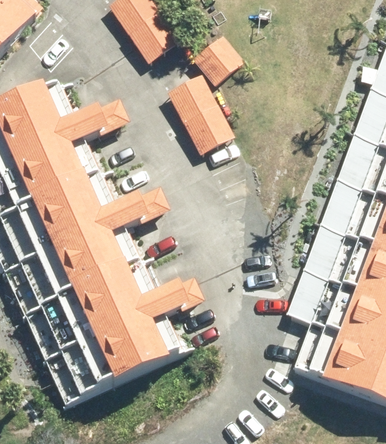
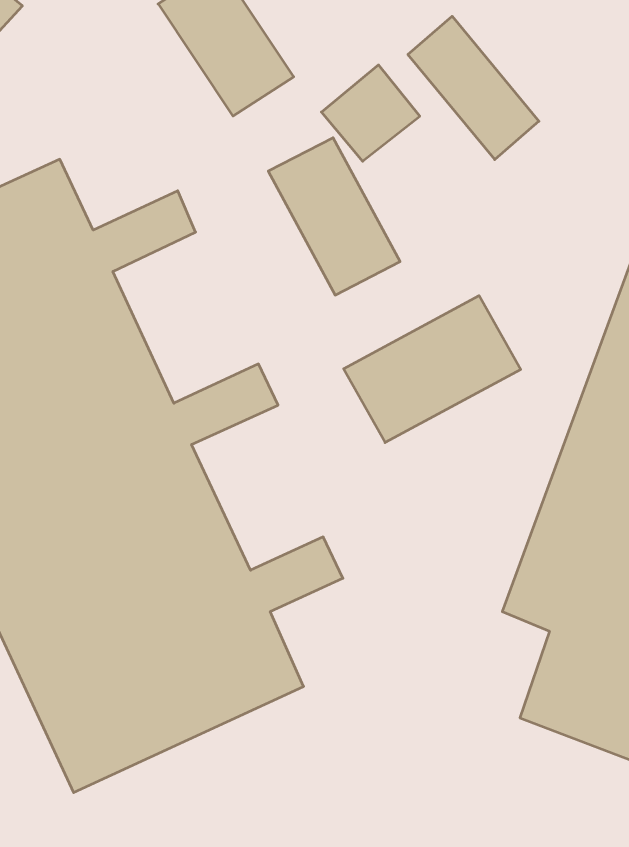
building: none -> [408,16,539,160]
building: none -> [344,296,521,443]

